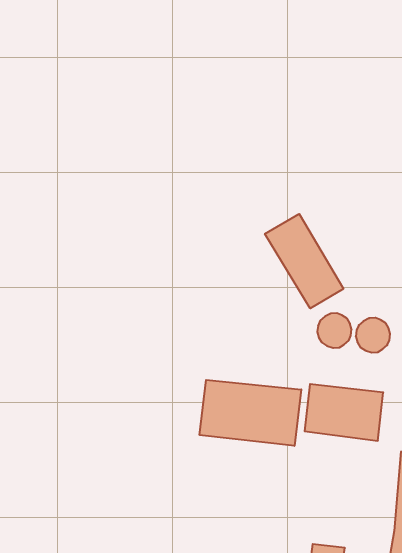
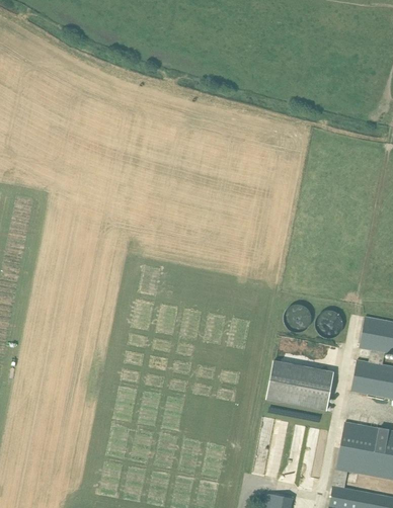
building: [265,214,343,308] -> none
building: [200,380,301,446] -> none

